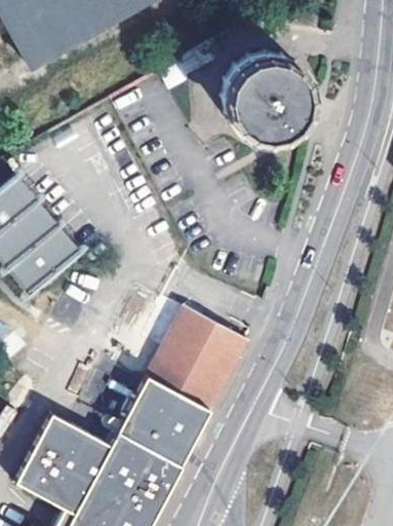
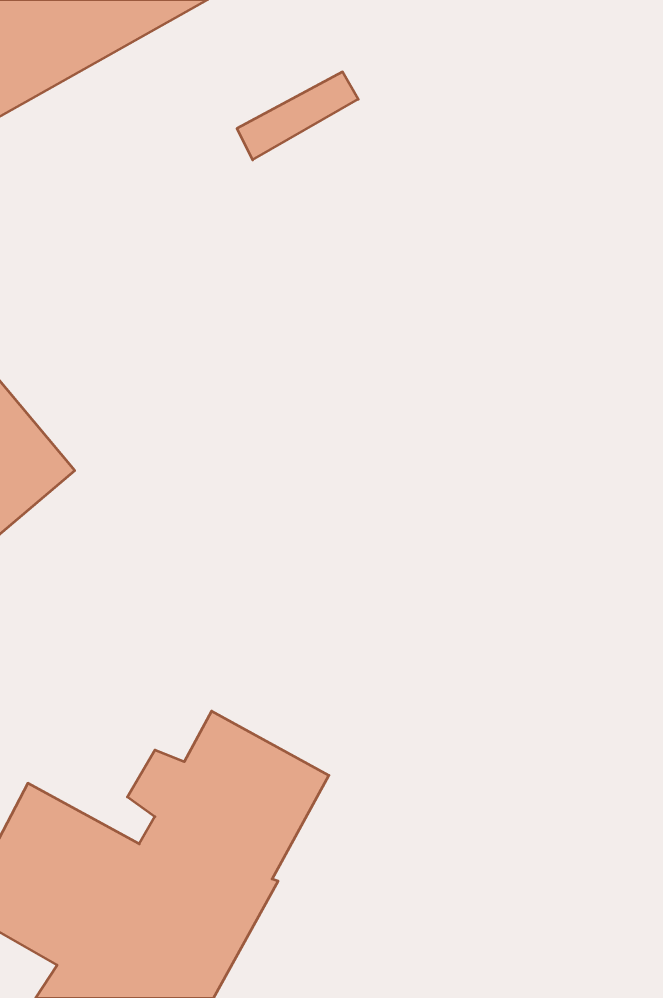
building: [220,49,312,139] -> none
building: [149,304,248,408] -> none

